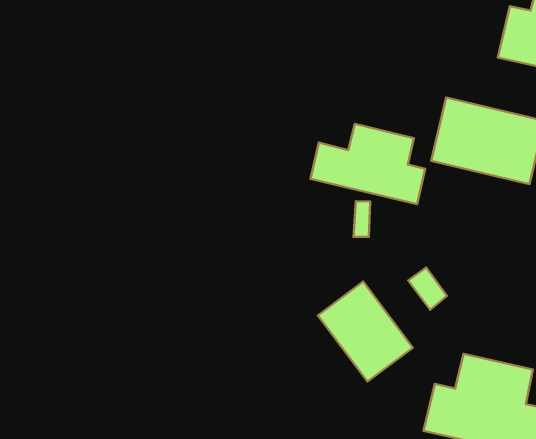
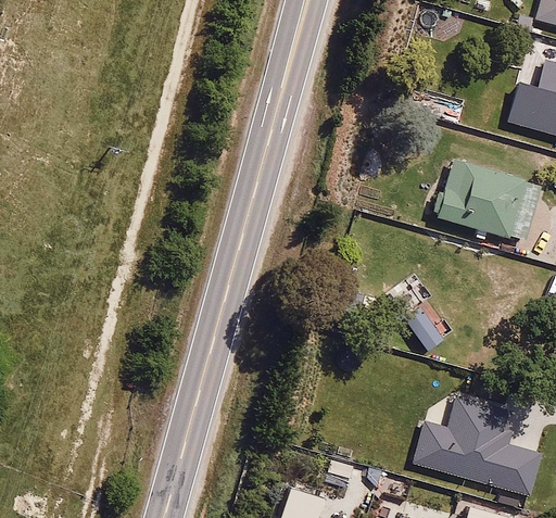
building: [310,124,425,204] -> none
building: [318,282,413,382] -> none

